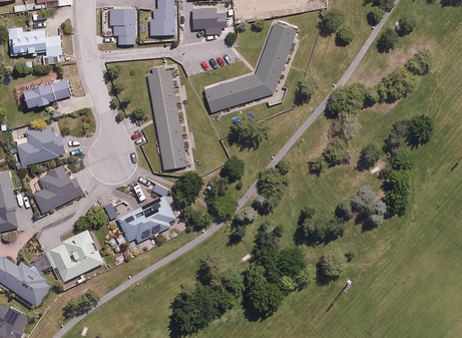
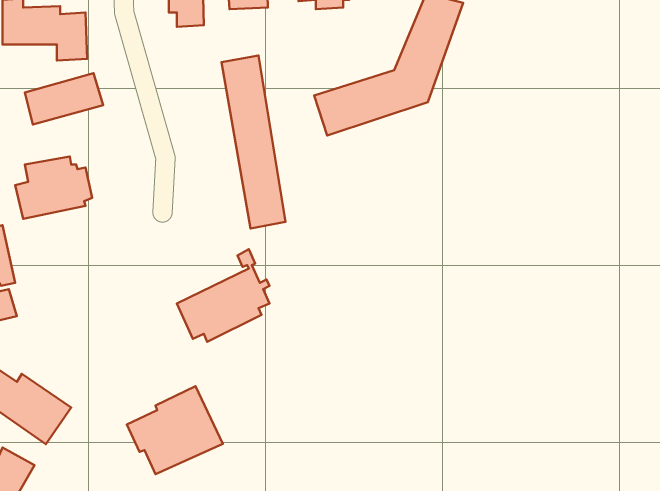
building: [32,164,82,213] -> none
building: [43,229,103,284] -> [127,386,223,474]

